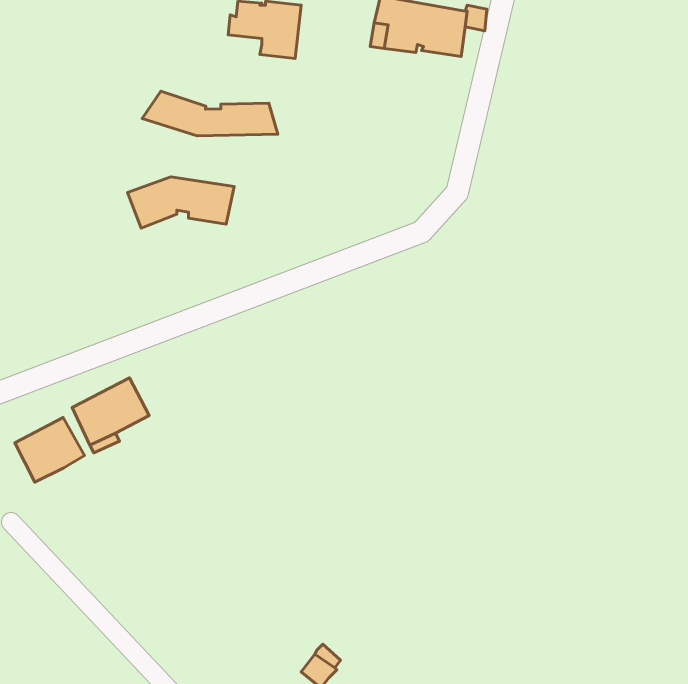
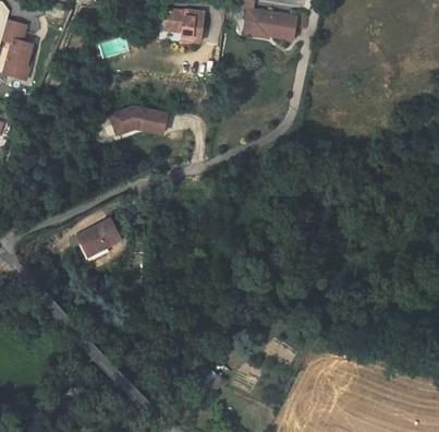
building: [142,91,278,136] -> none
building: [15,418,84,482] -> none

